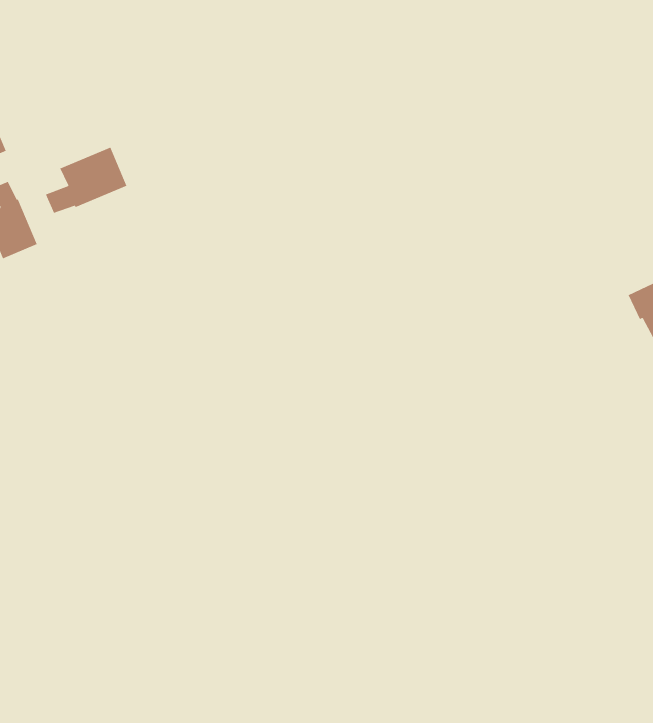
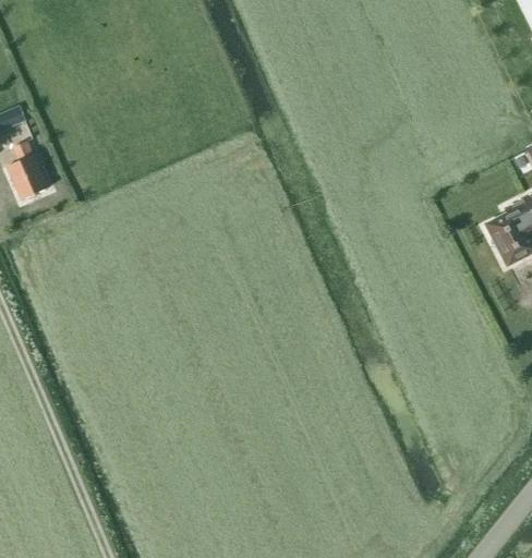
building: [45,146,128,214] -> none

